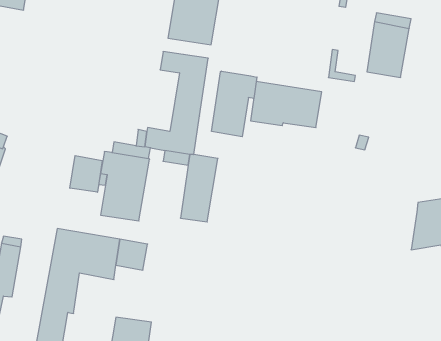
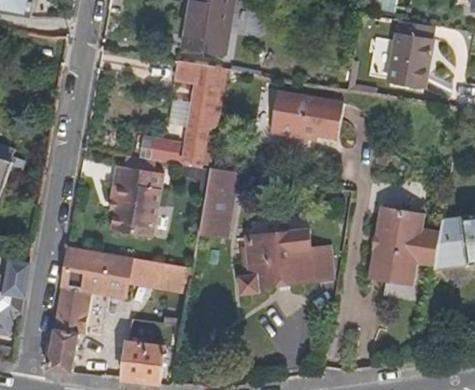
building: [212,71,257,137] -> none
building: [70,156,102,192] -> none
building: none -> [369,205,440,286]
building: none -> [235,229,334,298]
building: none -> [155,262,189,294]

